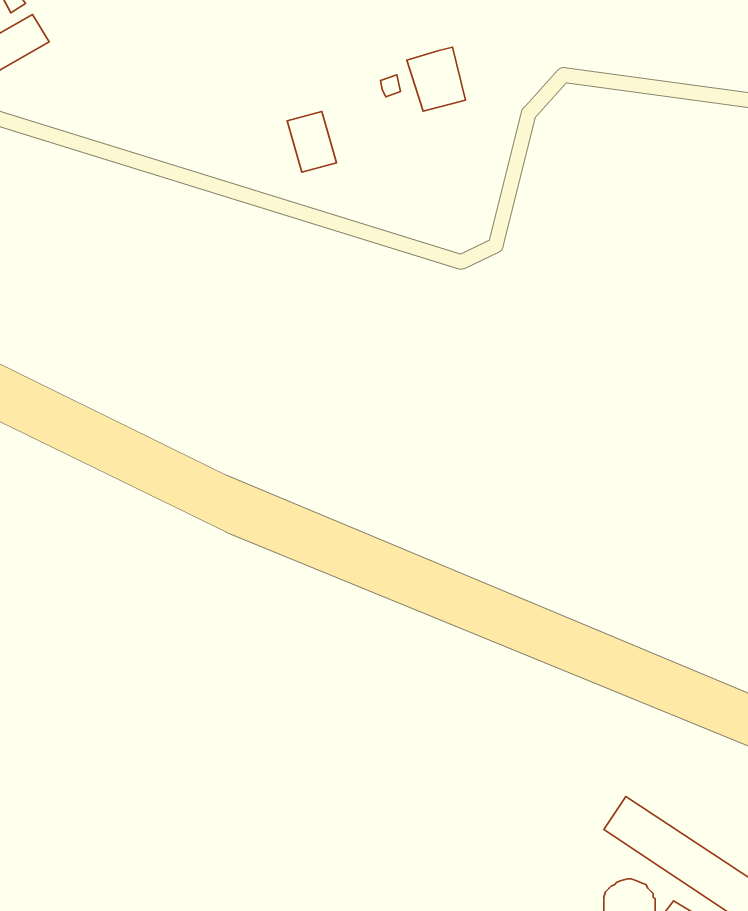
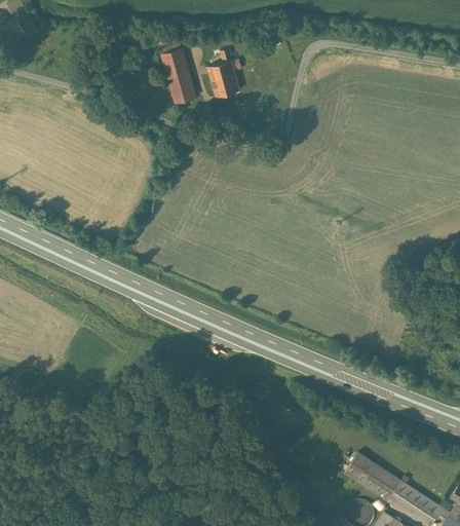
building: [407,47,465,111] -> [206,61,239,97]
building: none -> [161,48,187,74]

